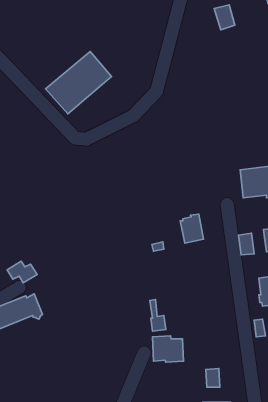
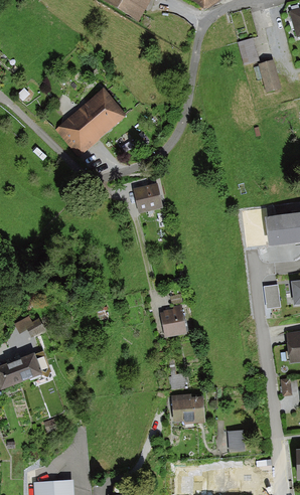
building: none -> [255,59,281,91]
building: none -> [133,182,164,212]
building: [180,214,203,243] -> [161,305,186,336]

